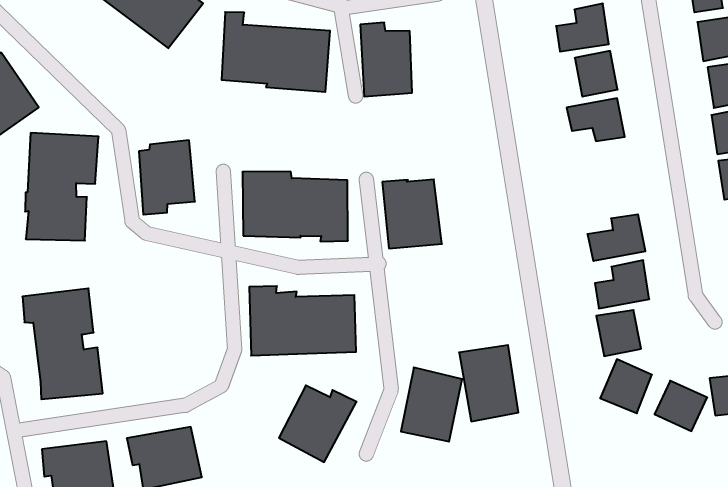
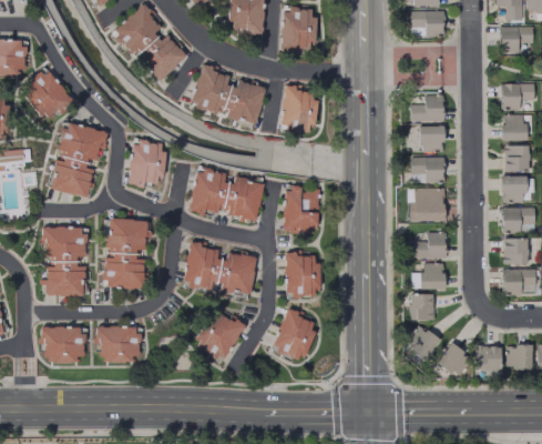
building: none -> [410,188,444,221]
building: none -> [104,219,147,289]
building: [459,345,518,421] -> [286,252,318,297]

